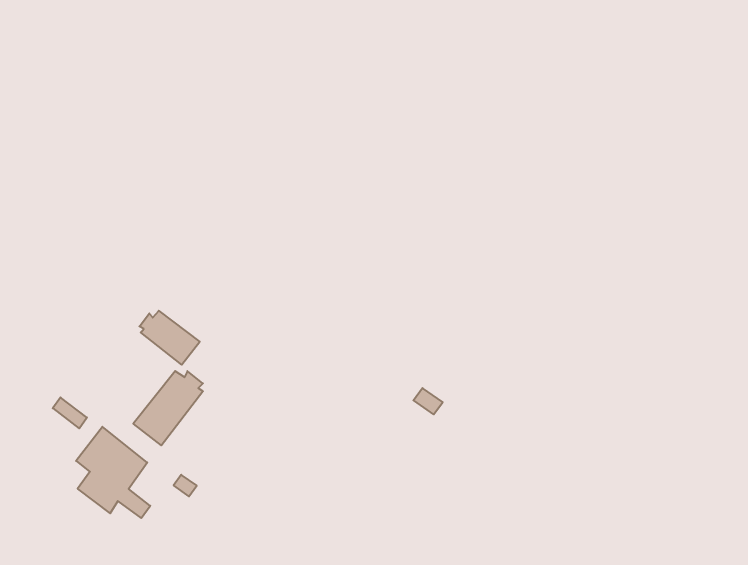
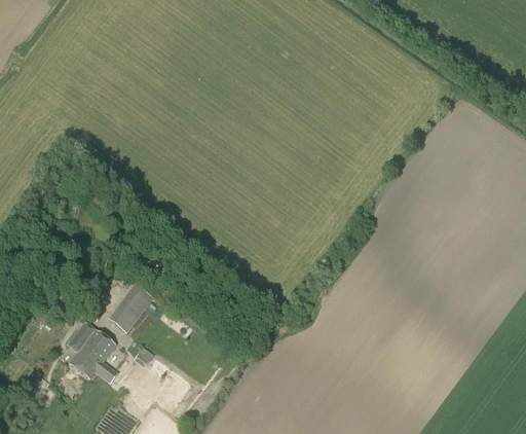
building: [139,311,200,365] -> none

